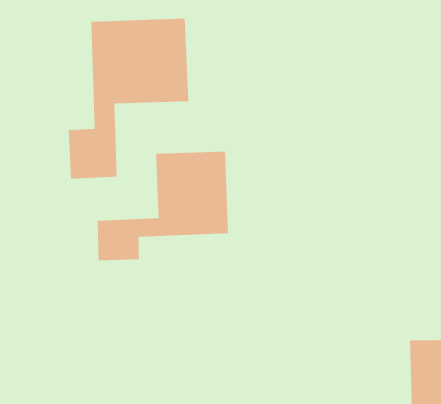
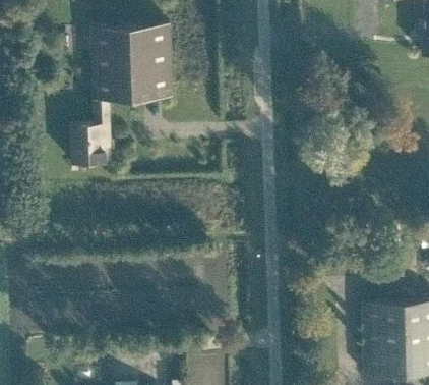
building: [97,151,229,261] -> none

